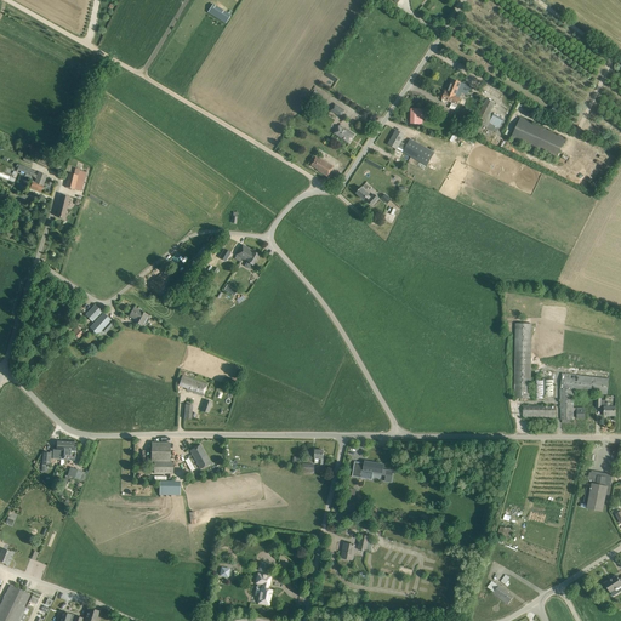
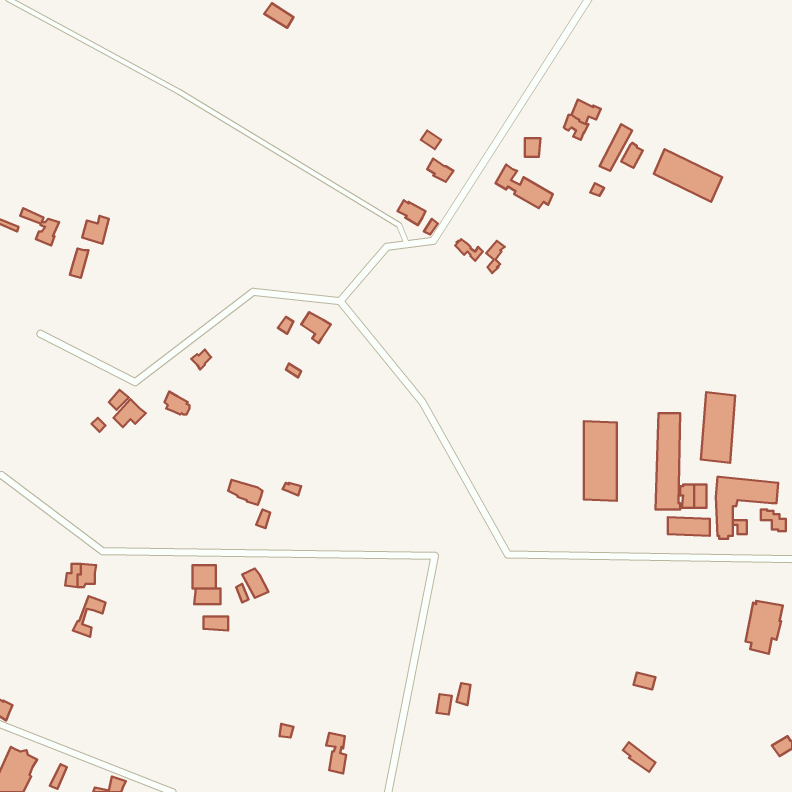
building: none -> [701,392,735,463]
building: none -> [584,421,617,501]
building: [351,460,392,482] -> none

